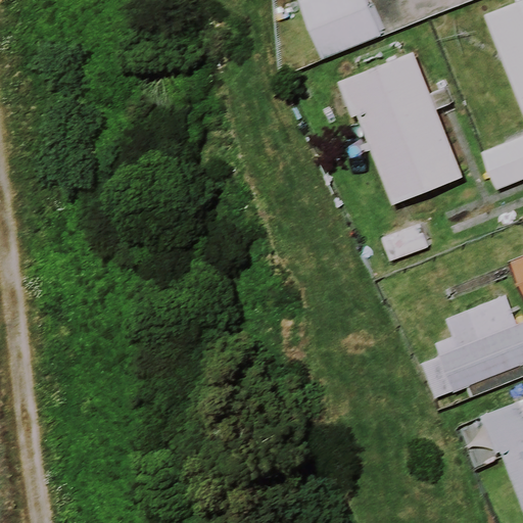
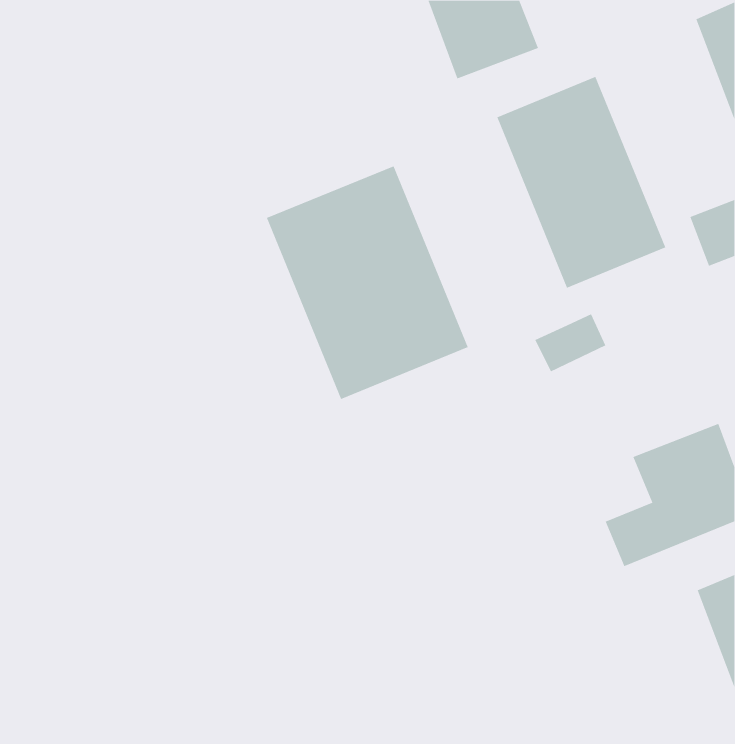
building: none -> [266,165,468,400]

